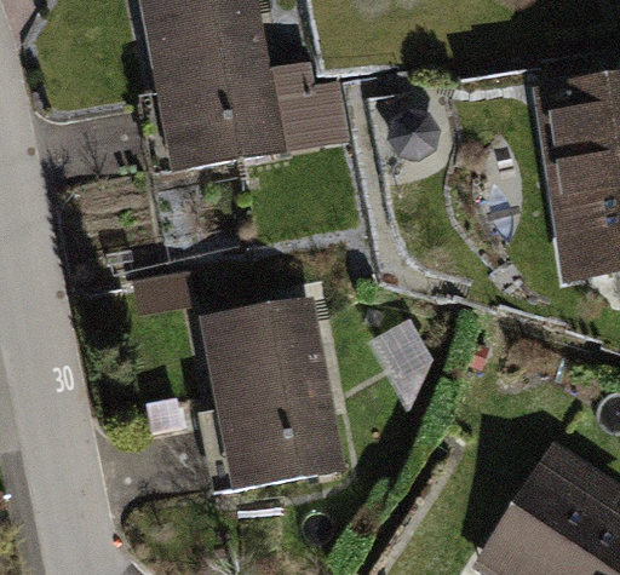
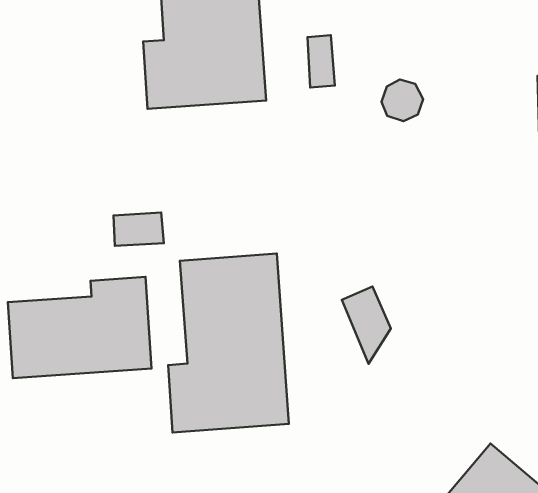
building: none -> [8,277,152,378]

